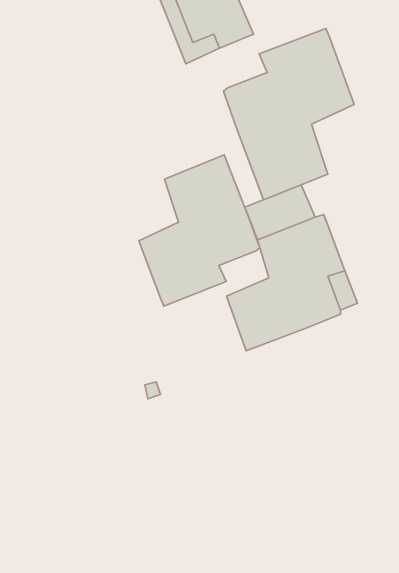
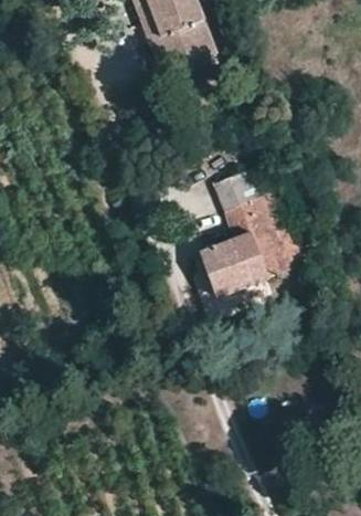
building: [224,29,354,200] -> none
building: [139,155,260,306] -> none

